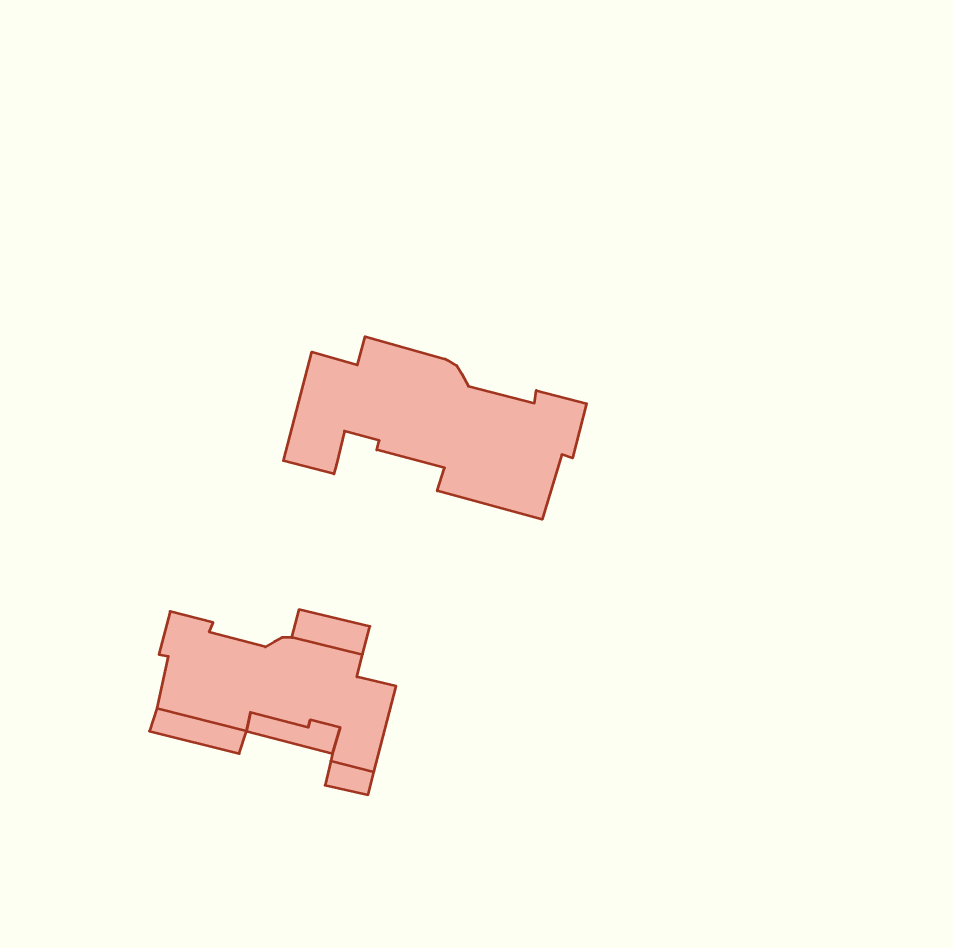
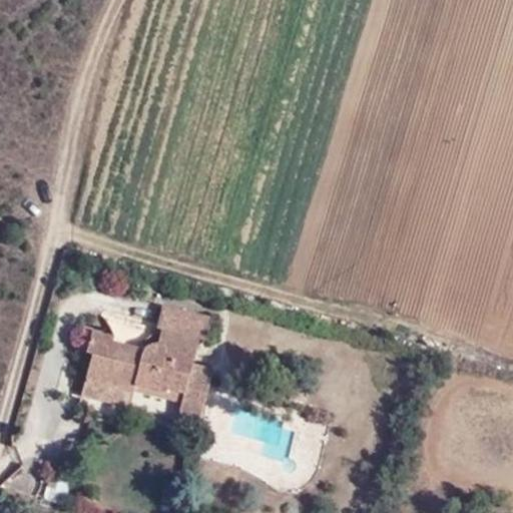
building: [283,337,587,519] -> none
building: none -> [157,303,212,339]

